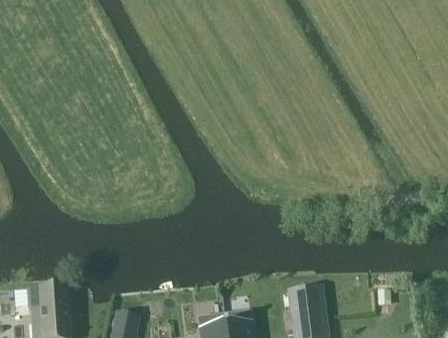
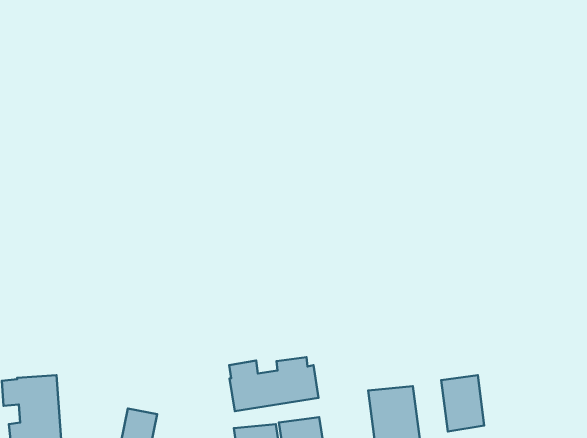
building: none -> [229,357,319,411]
building: none -> [441,375,484,432]

